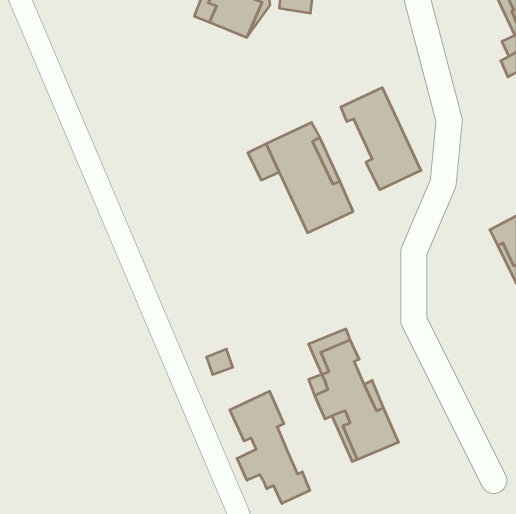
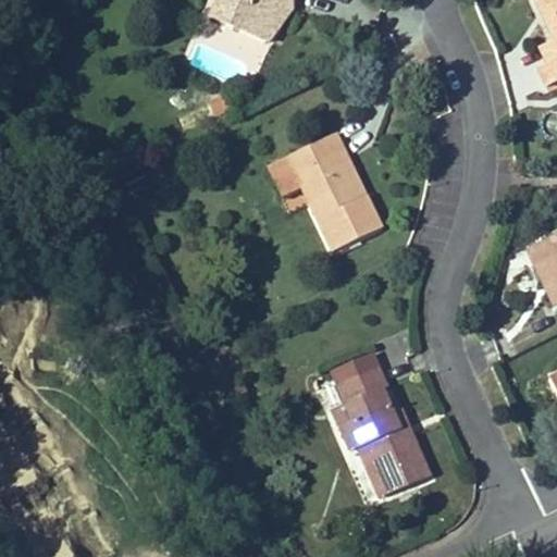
building: [341,88,421,190] -> none
building: [230,391,310,504] -> none

